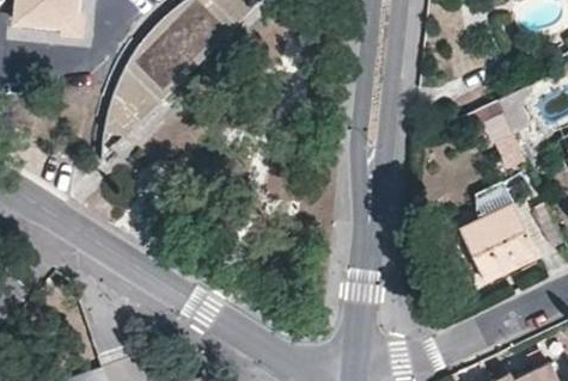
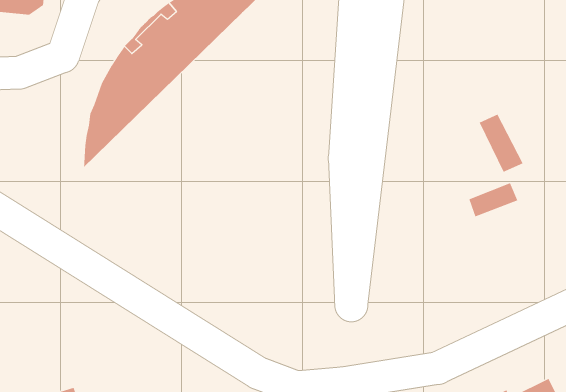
building: [459,204,536,279] -> none

